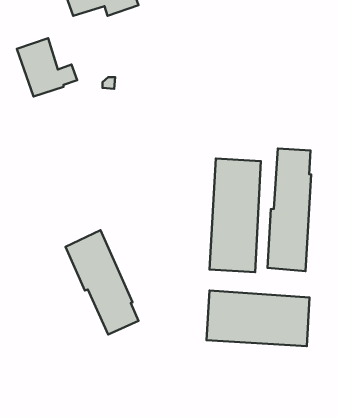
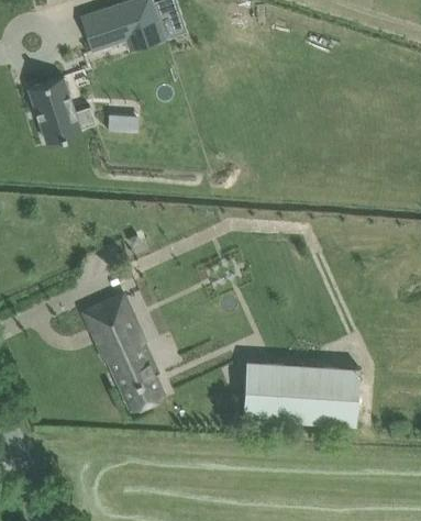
building: [268,149,311,271] -> none
building: [209,159,261,272] -> none

